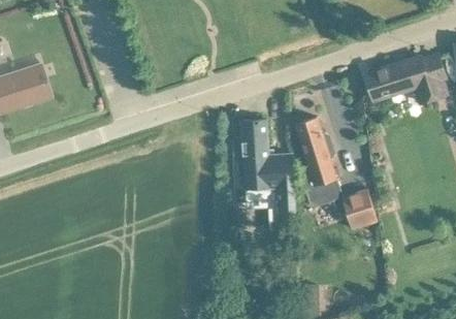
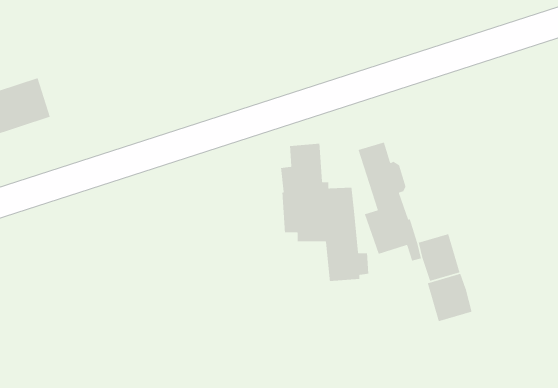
building: [365,55,447,101] -> none
building: none -> [427,273,472,322]

